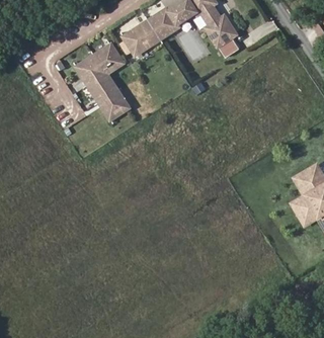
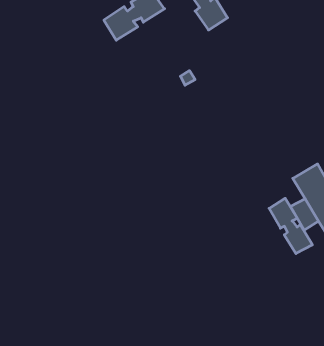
building: [76,44,128,117] -> none
building: none -> [269,198,312,254]

